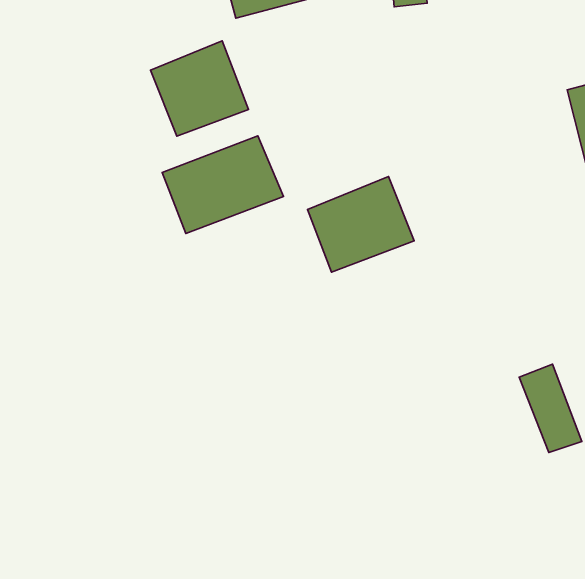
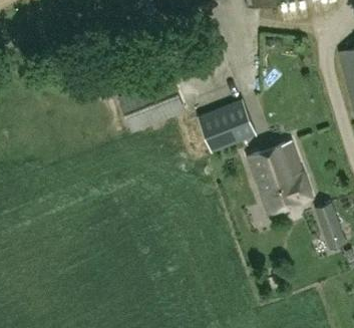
building: [151,41,249,136] -> none
building: none -> [248,142,313,217]

